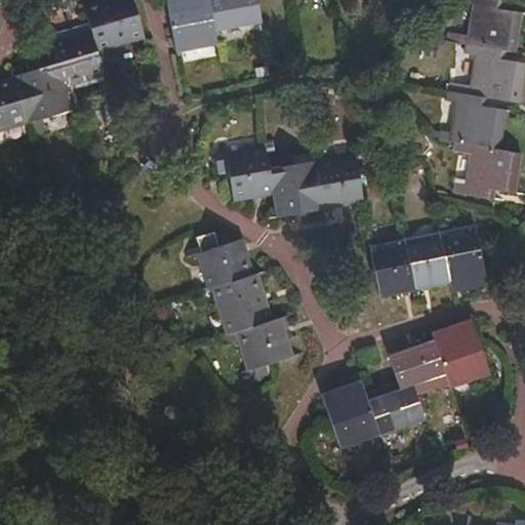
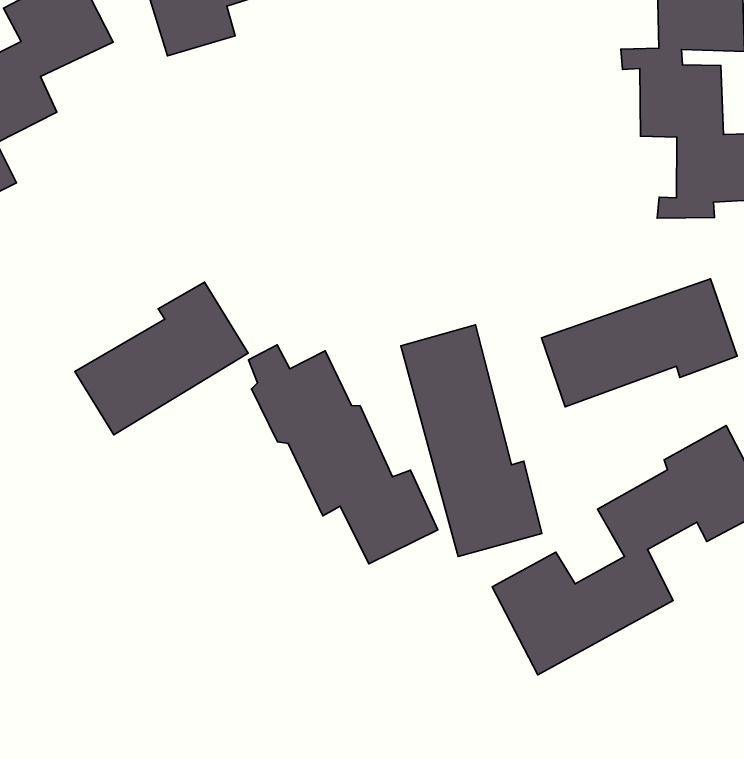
building: [227,148,367,219] -> none
building: none -> [75,282,248,435]
building: none -> [401,325,542,557]

